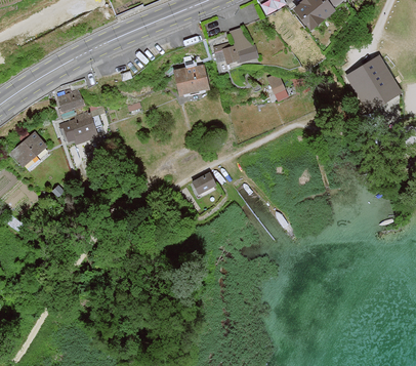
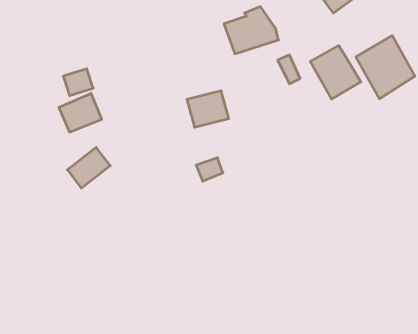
building: [174,60,214,95] -> [187,91,229,127]
building: none -> [310,46,361,99]
building: [9,130,50,169] -> [67,147,110,188]

